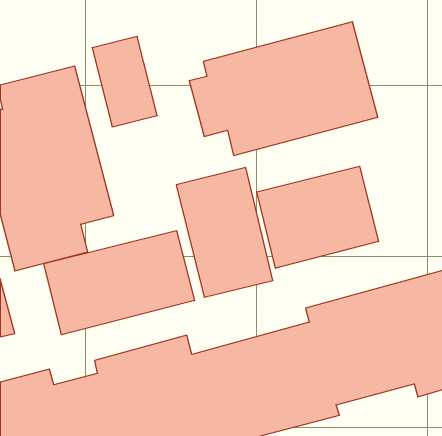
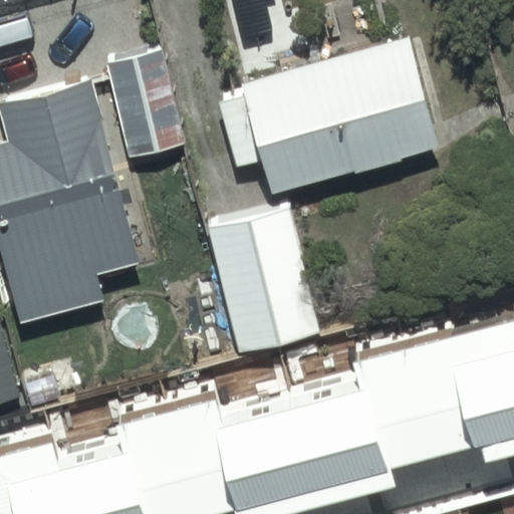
building: [257,166,379,268] -> none
building: [44,231,195,335] -> none

